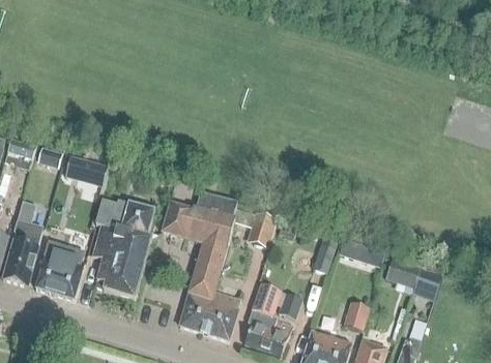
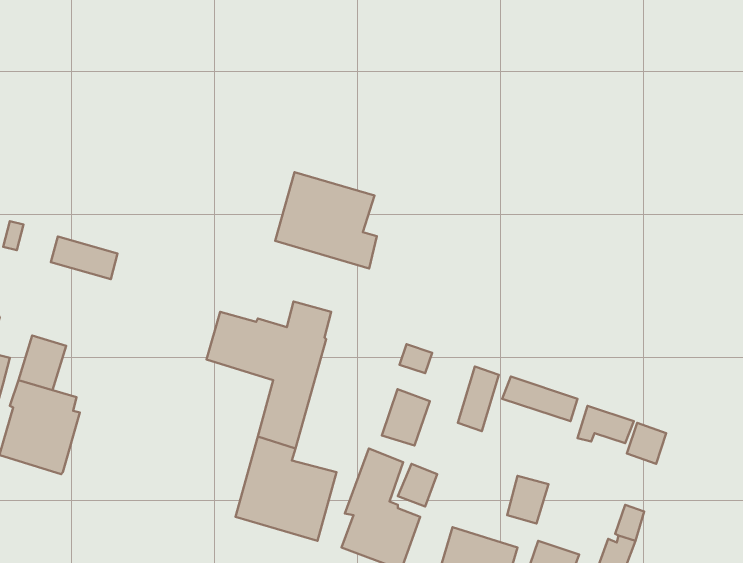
building: none -> [275,172,377,268]
building: [91,200,154,298] -> none
building: [247,213,276,247] -> [382,389,430,446]

